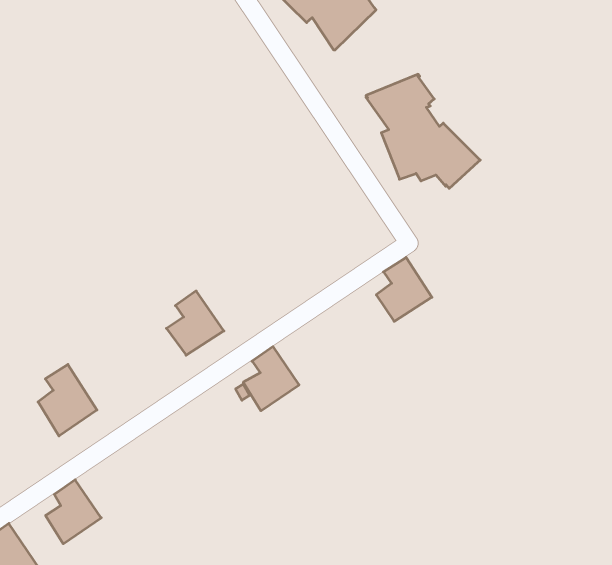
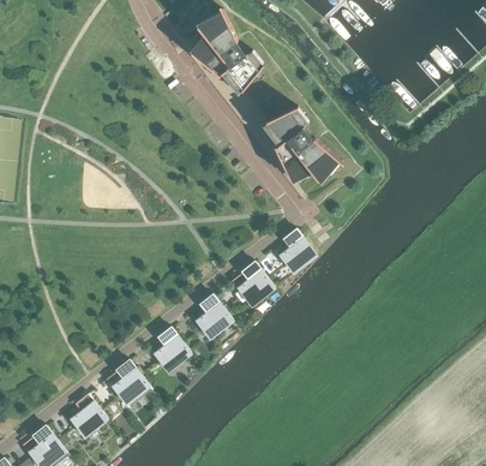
building: [166,291,224,355] -> [152,328,191,371]
building: none -> [236,262,274,306]
building: [38,364,97,436] -> [112,360,151,408]

